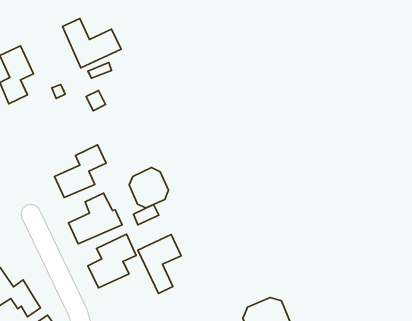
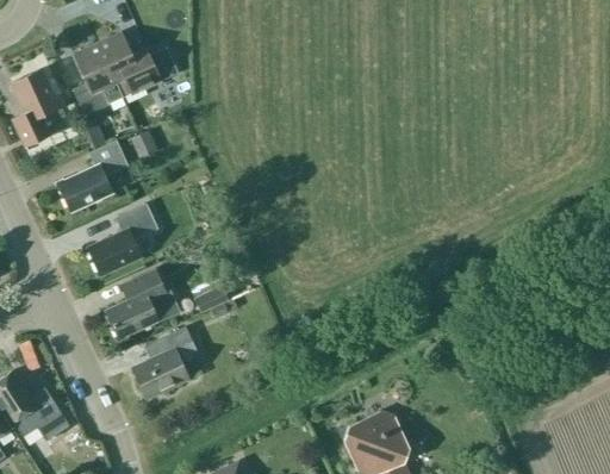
building: none -> [73,42,123,114]
building: none -> [58,139,127,211]
building: [129,168,169,208] -> none
building: [138,234,181,293] -> none

